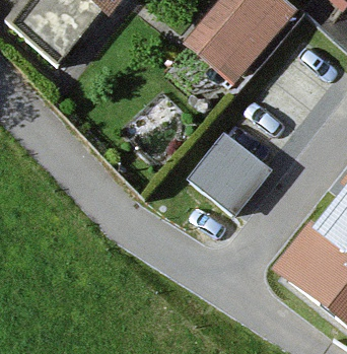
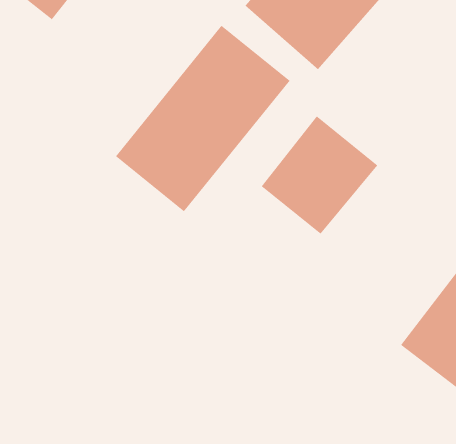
building: none -> [115,25,290,212]

